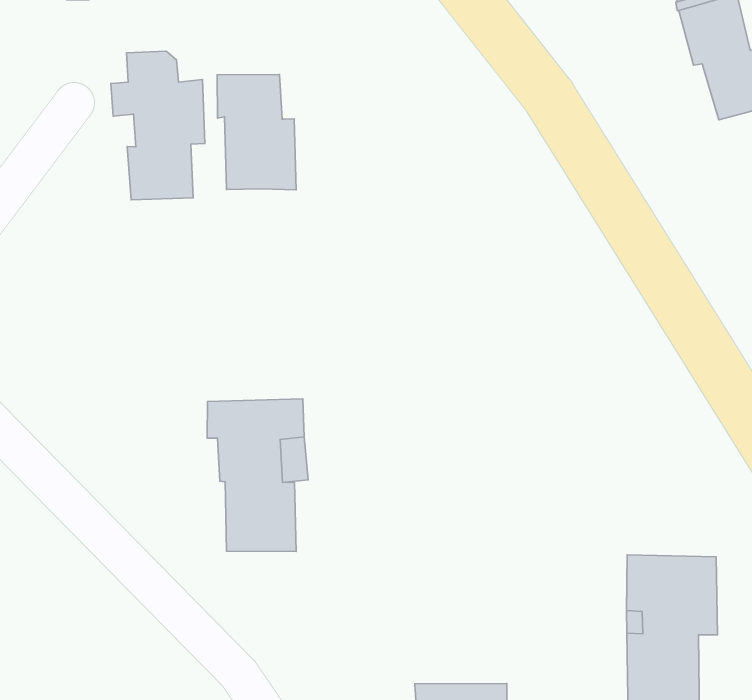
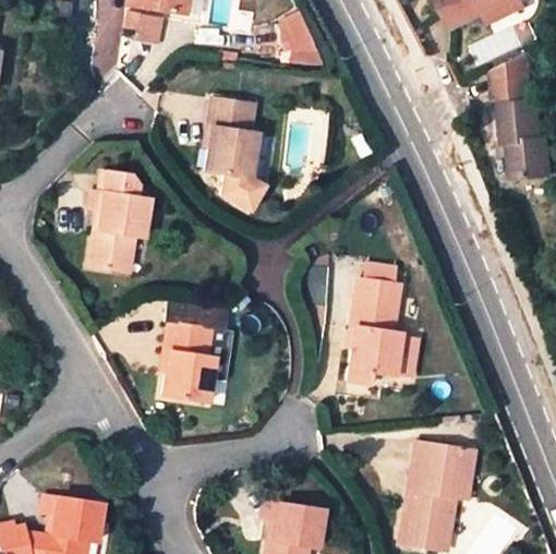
building: [111,51,205,200] -> [86,173,146,272]
building: none -> [220,171,264,210]
building: none -> [350,278,400,384]

